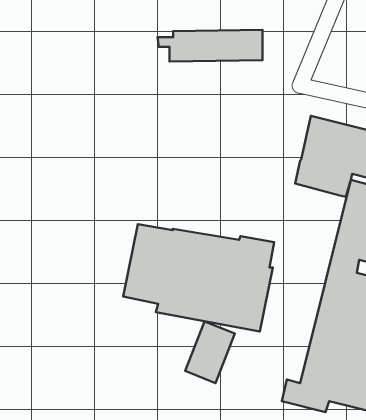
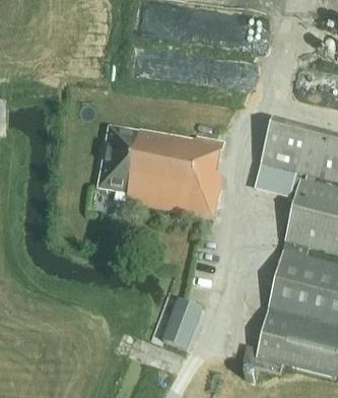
building: [123,224,274,332] -> [97,125,224,215]

